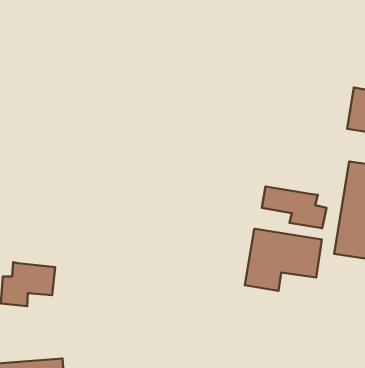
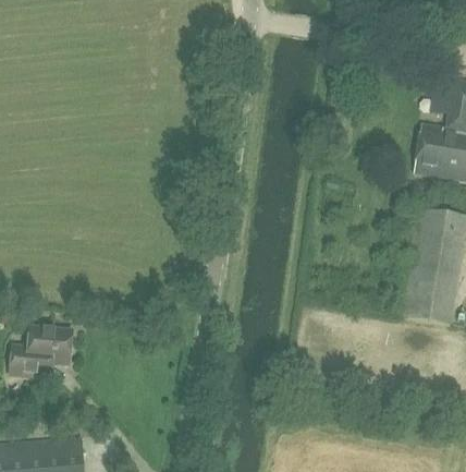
building: [262,187,327,228] -> none
building: [245,229,322,291] -> none

